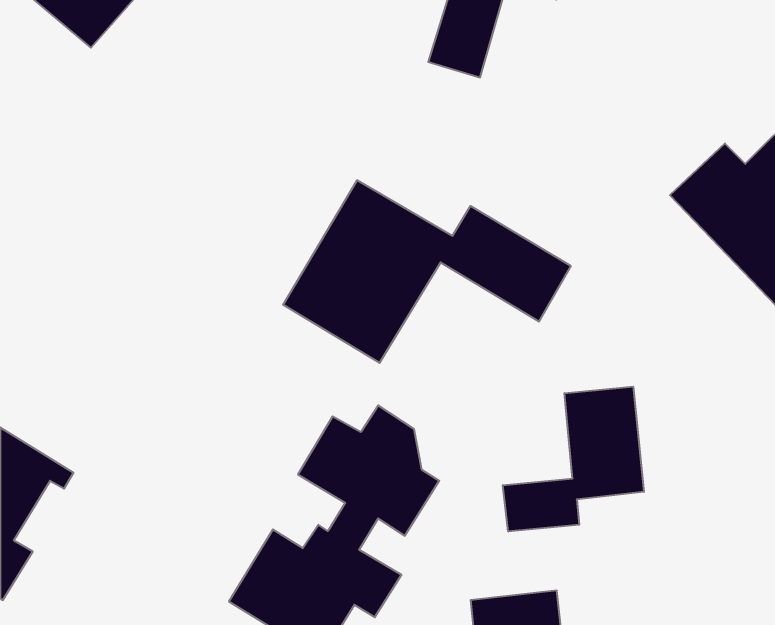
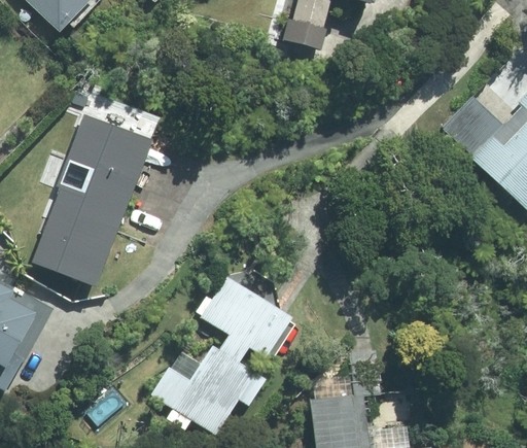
building: none -> [30,101,154,288]
building: [283,180,571,363] -> none
building: [503,387,644,532] -> none

